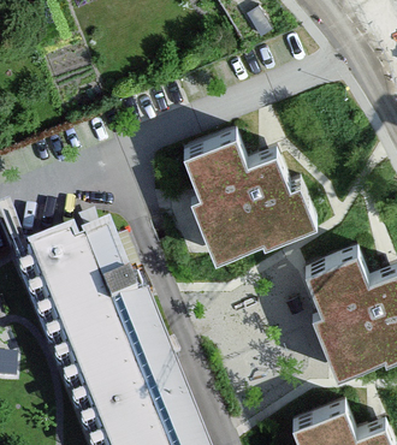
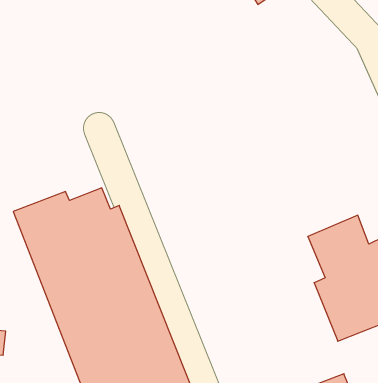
building: [184,130,316,254] -> none

